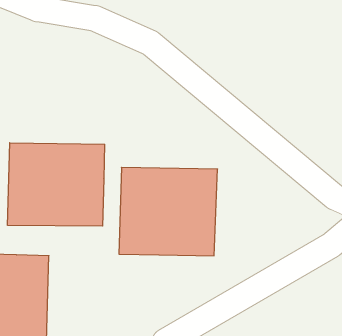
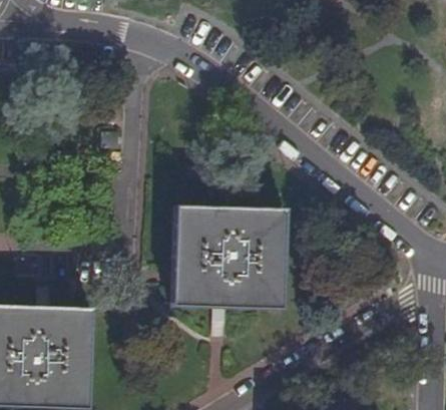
building: [8,143,105,226] -> none

